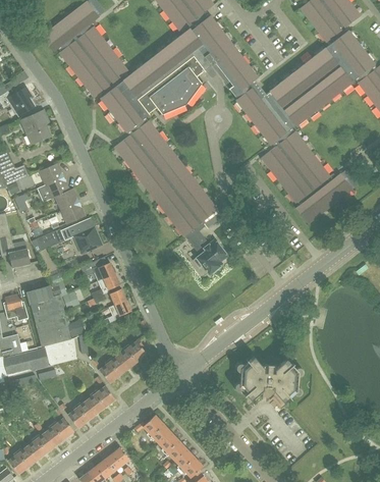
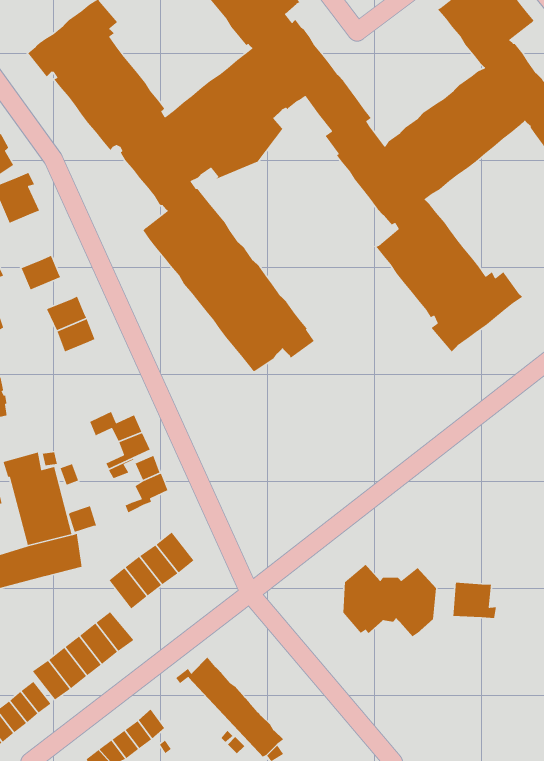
building: [37,177,69,202] -> none
building: [36,218,102,255] -> none
building: [184,222,227,274] -> none
building: none -> [453,582,497,619]

